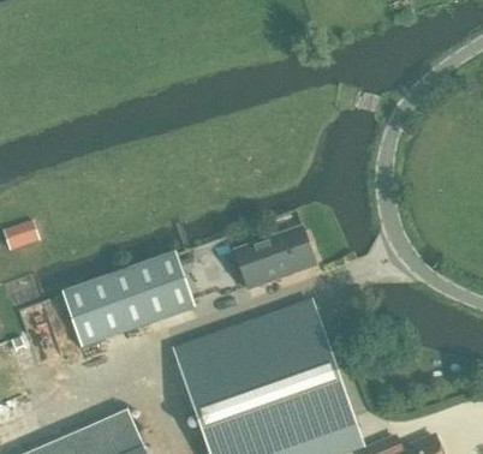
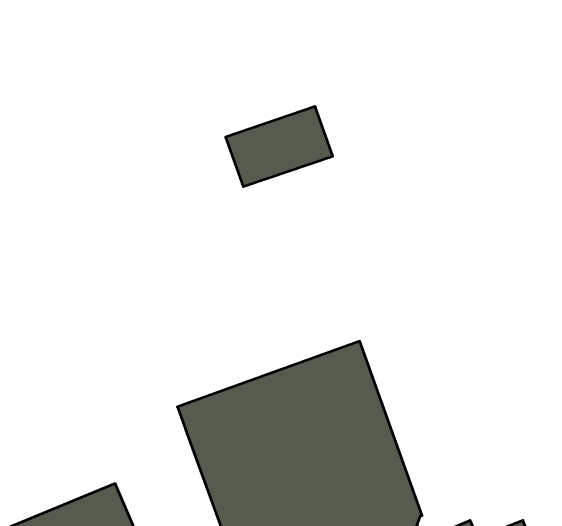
building: [234,227,315,287] -> [226,107,333,187]
building: [62,255,195,348] -> none

